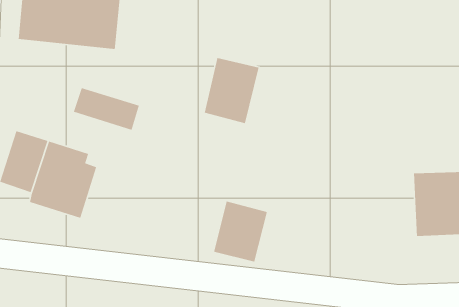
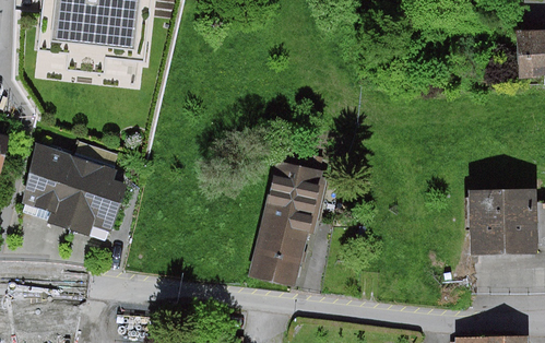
building: [204,57,260,124] -> [264,159,324,232]
building: [73,87,140,131] -> none

